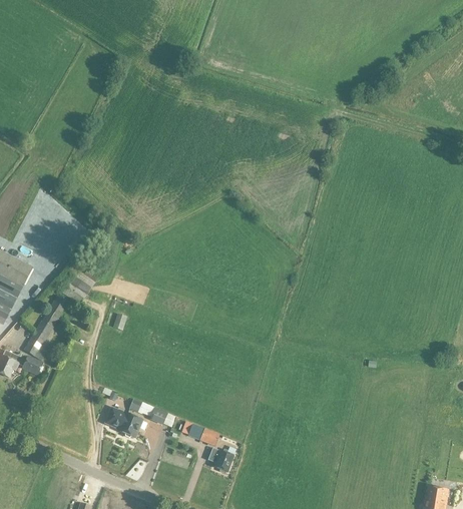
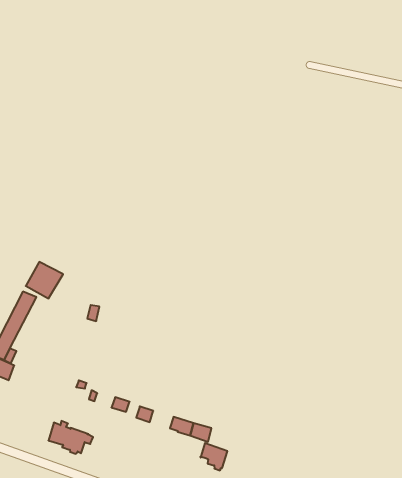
building: [105,407,146,438] -> [48,421,93,454]

